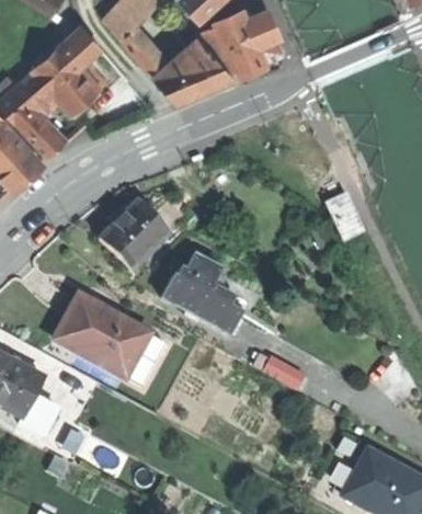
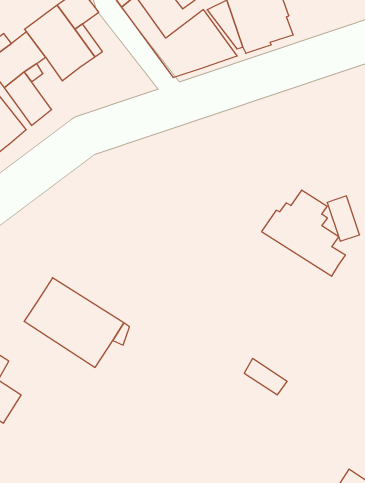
building: [102,199,171,269] -> none
building: [161,255,241,333] -> [262,190,345,276]

